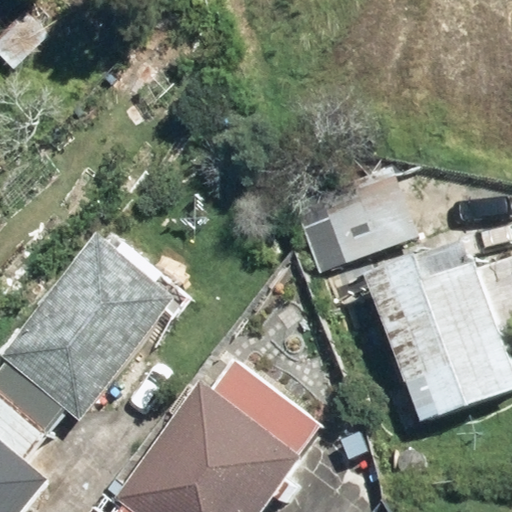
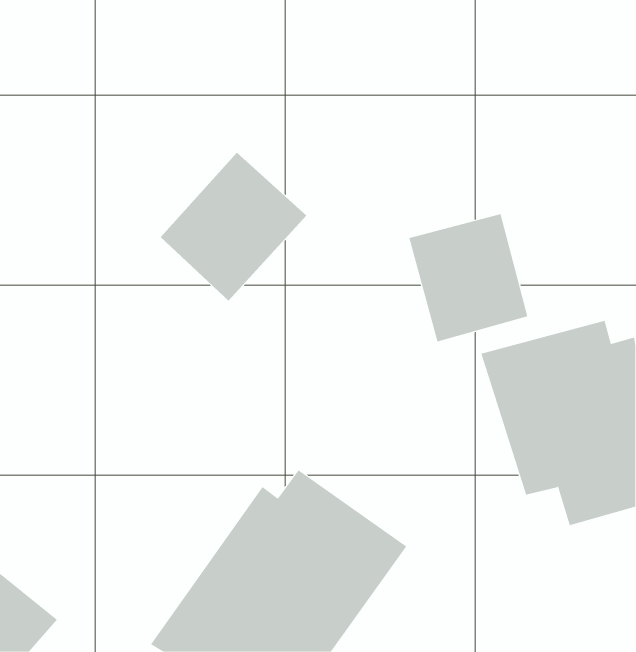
building: none -> [160,152,307,302]
building: [5,230,193,423] -> none

